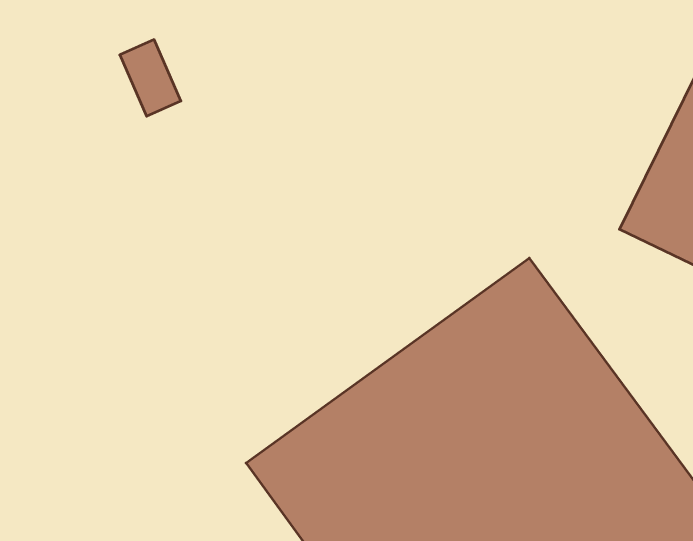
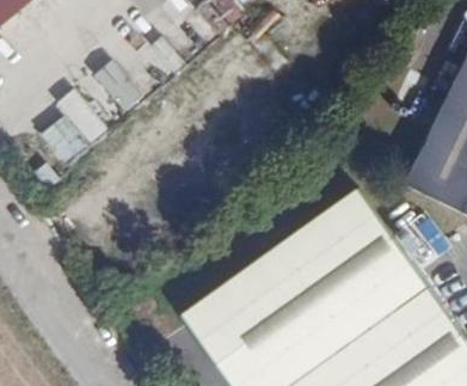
building: none -> [36,93,103,158]

